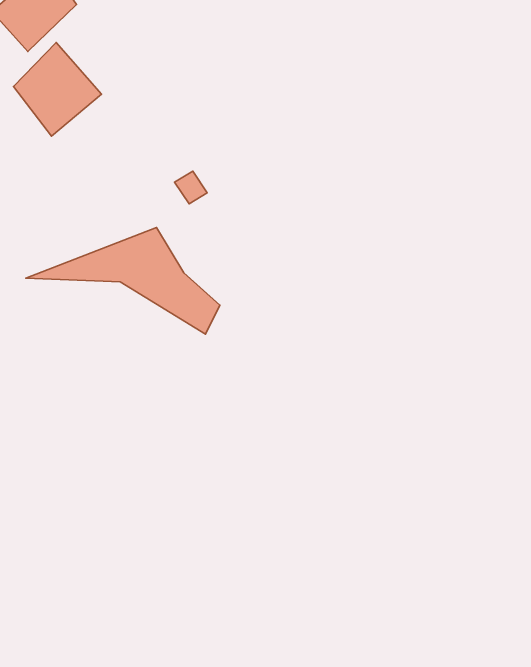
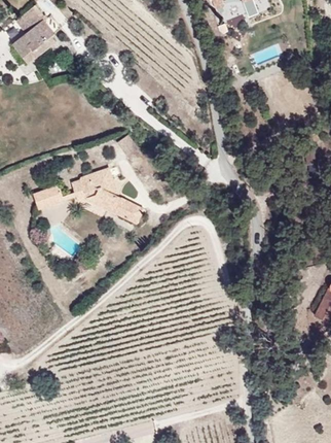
building: [14,43,101,136] -> none

